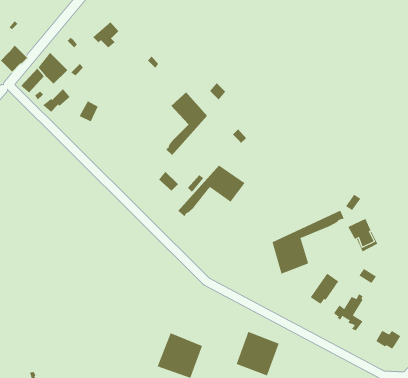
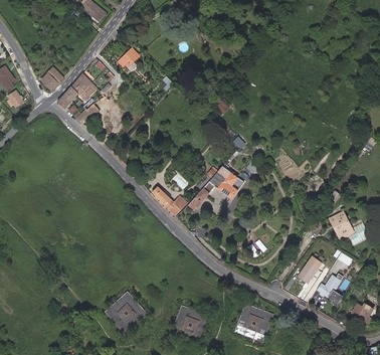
building: [165,92,208,156] -> none
building: none -> [151,186,187,215]
building: [272,210,344,274] -> none
building: none -> [106,292,146,332]

